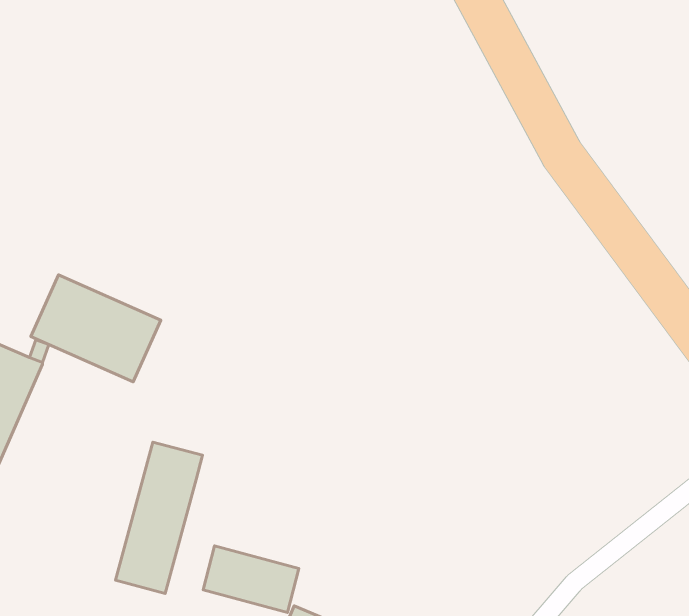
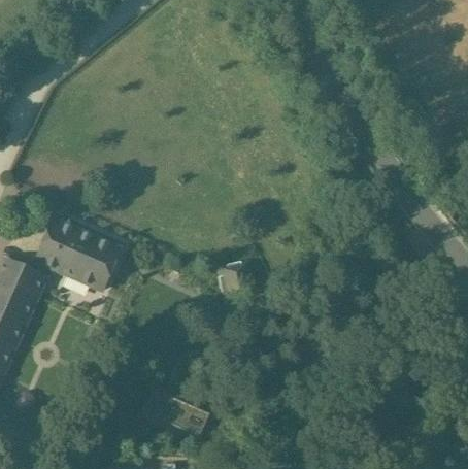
building: none -> [223,265,252,292]
building: [116,442,202,593] -> none

